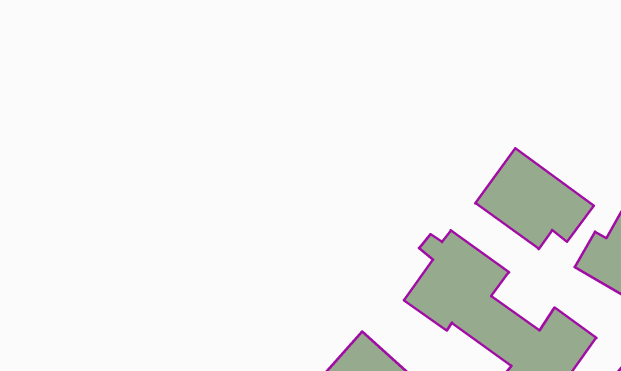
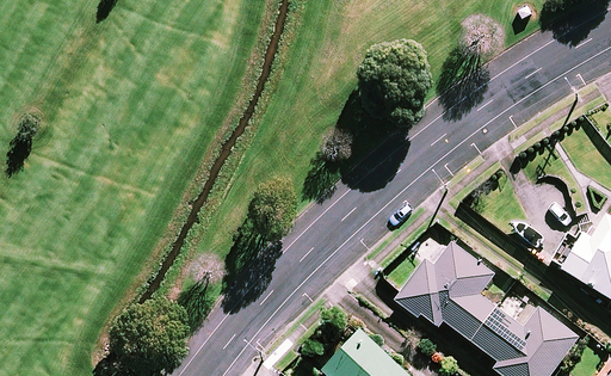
building: [475,148,594,249] -> none

